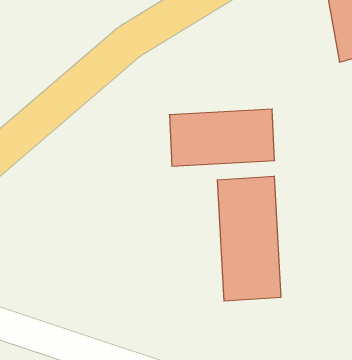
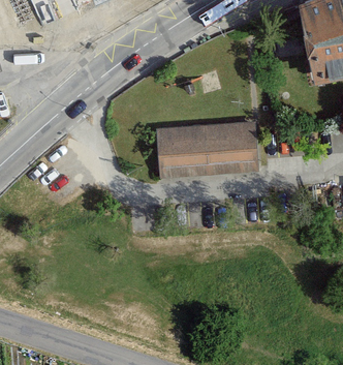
building: [217,176,281,301] -> none

